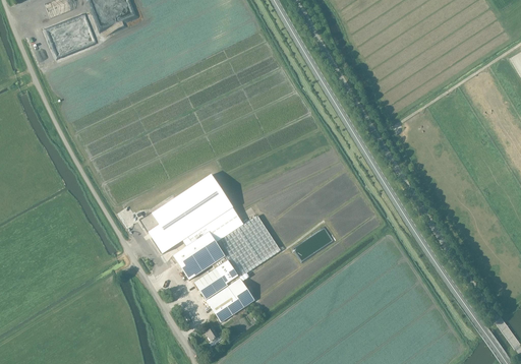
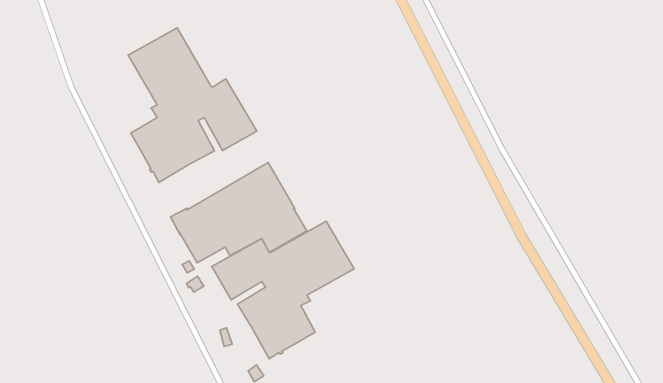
building: none -> [128,28,257,182]

